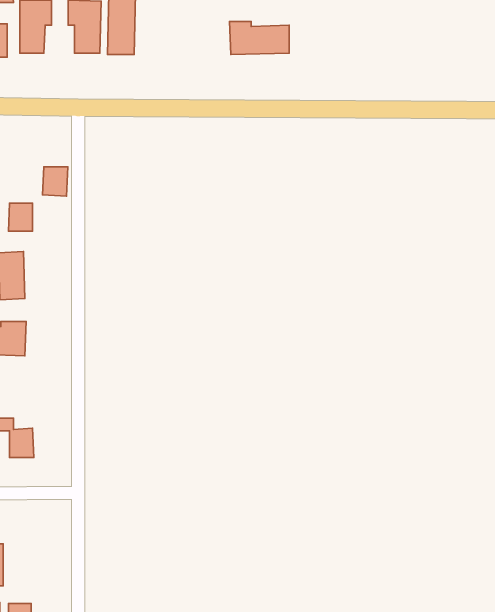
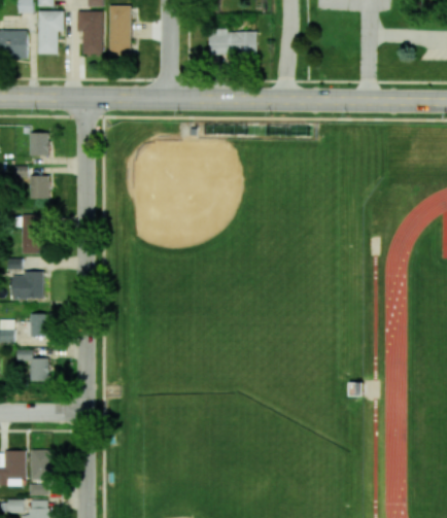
building: [42,167,68,196] -> [29,133,49,157]
building: none -> [29,314,49,337]
building: none -> [30,450,49,495]

